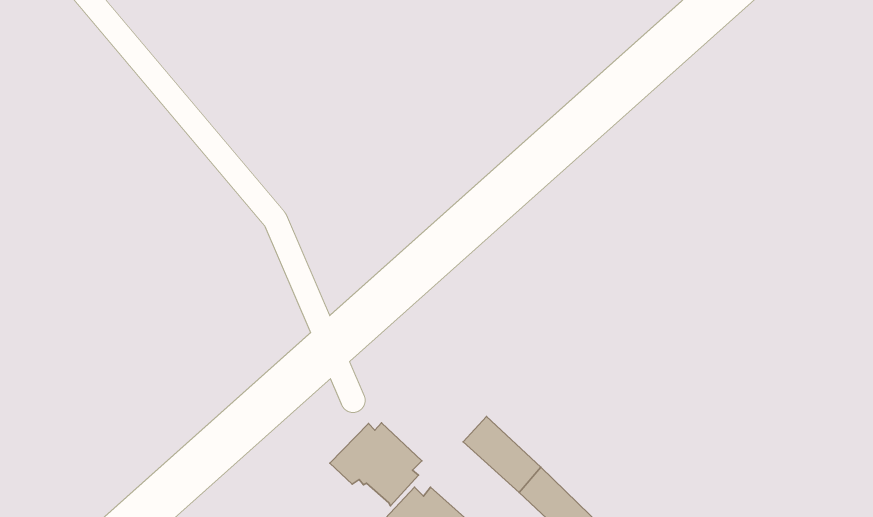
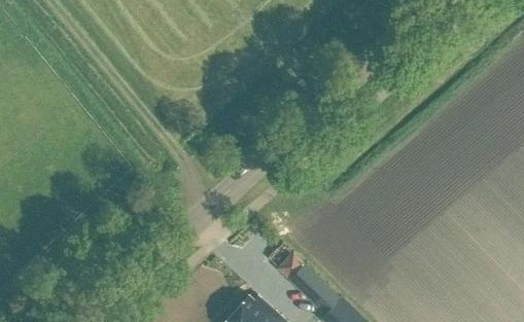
building: [330,423,422,506] -> none

